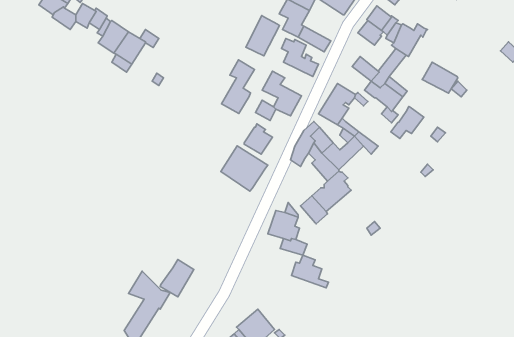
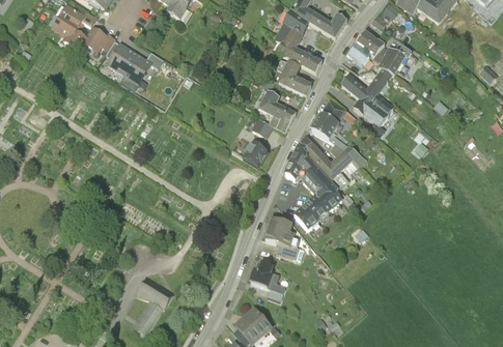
building: [246,16,280,56] -> none
building: [221,60,254,113] -> none
building: [422,62,458,93] -> none
building: [391,106,424,139] -> none
building: [221,146,268,191] -> none
building: [292,255,329,288] -> [251,263,285,293]
building: [160,259,194,297] -> none

